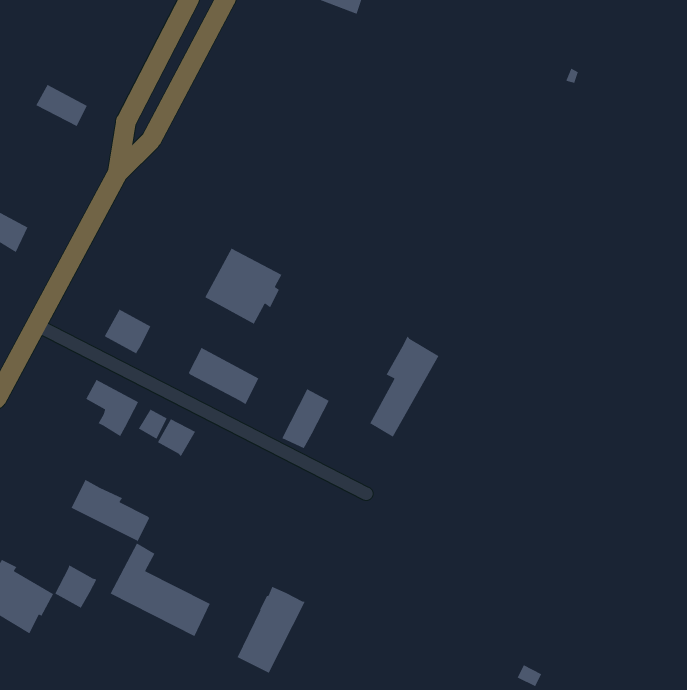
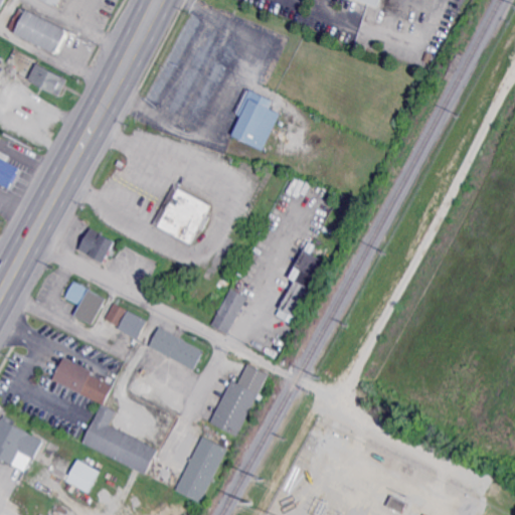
building: none -> [6,7,66,54]
building: none -> [229,90,279,150]
building: [188,347,259,405] -> [148,327,201,370]
building: none -> [208,364,267,436]
building: [54,564,97,609] -> [64,462,97,495]

